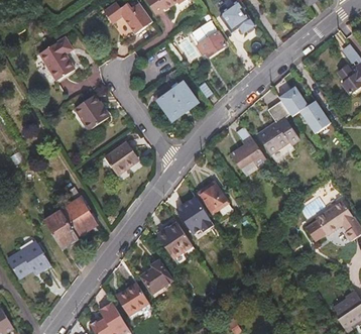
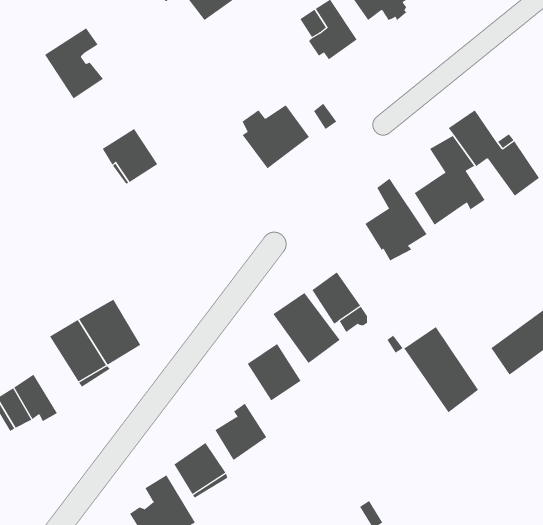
building: [103,142,135,177] -> none
building: none -> [404,326,479,413]

